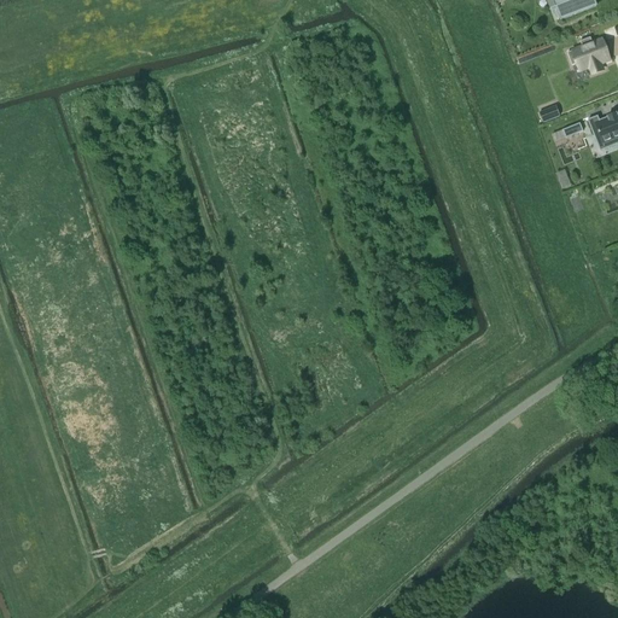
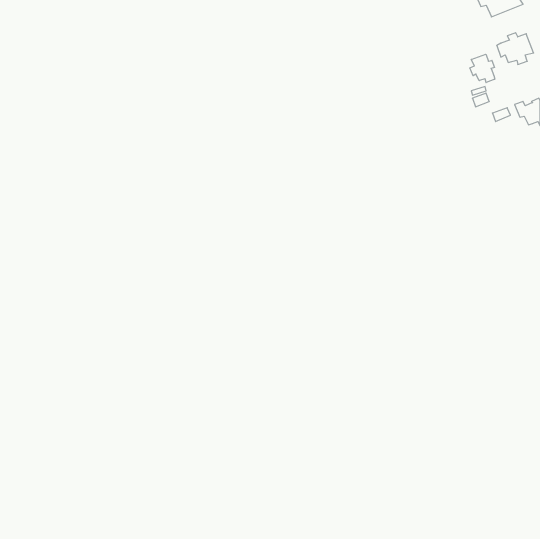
building: none -> [470,54,495,83]

